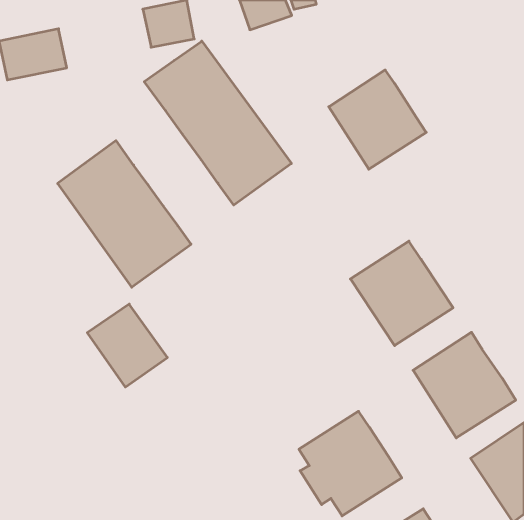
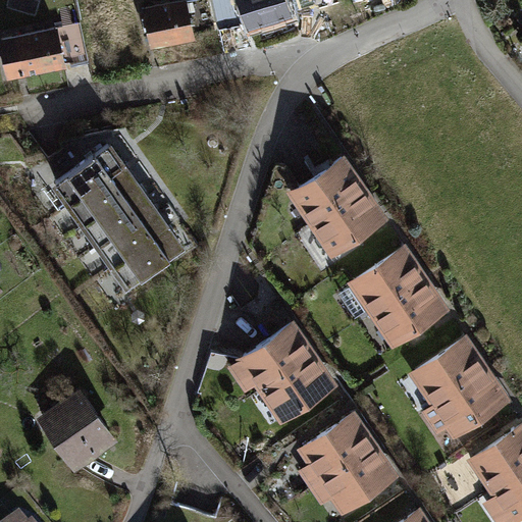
building: [144,41,291,205] -> none
building: [329,70,426,169] -> [288,157,384,256]
building: [87,304,167,387] -> [37,393,116,475]
building: none -> [227,320,336,424]

